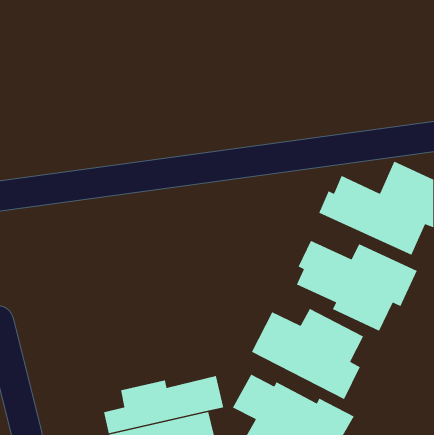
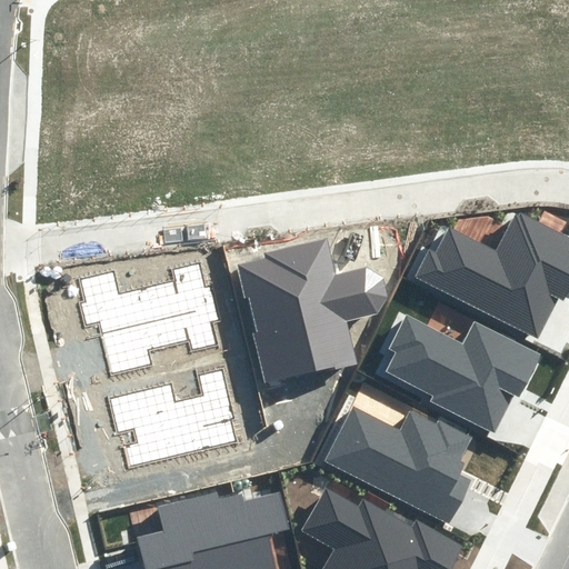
building: none -> [232,242,385,387]
building: none -> [74,264,217,375]
building: none -> [106,369,241,469]

